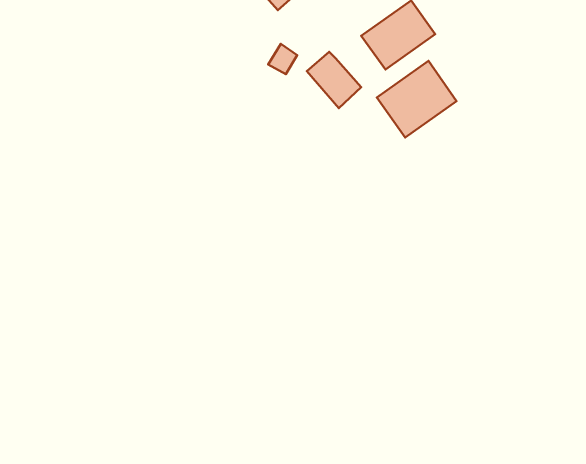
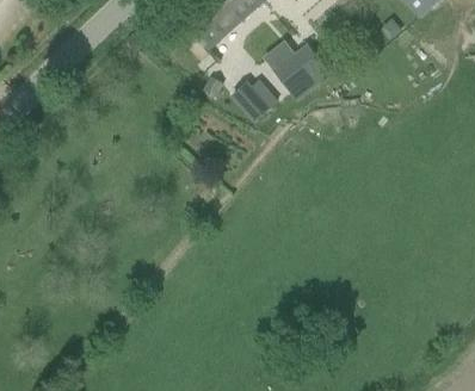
building: [377,61,457,138] -> none

